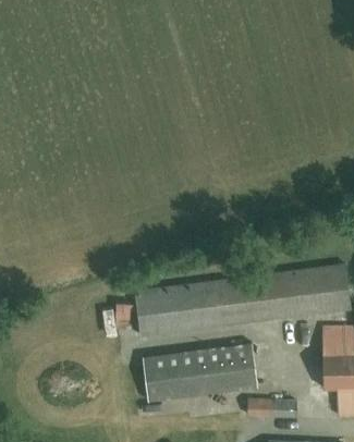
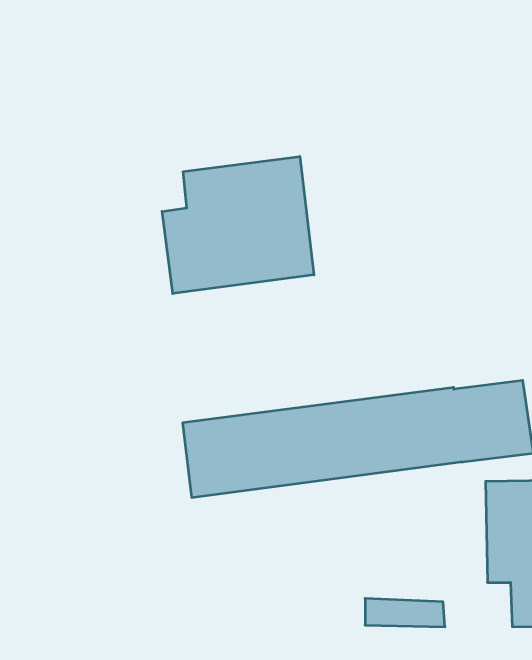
building: none -> [162,156,314,294]
building: [143,343,257,401] -> none

